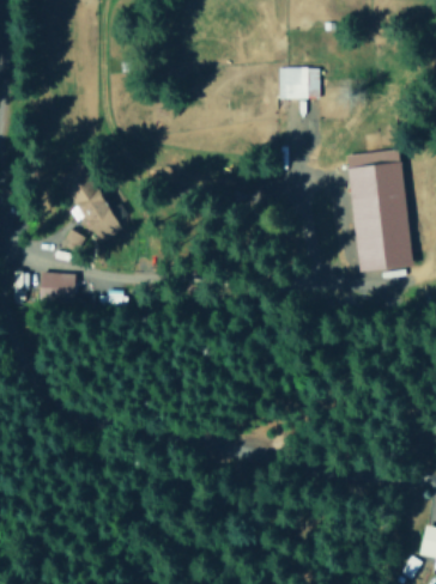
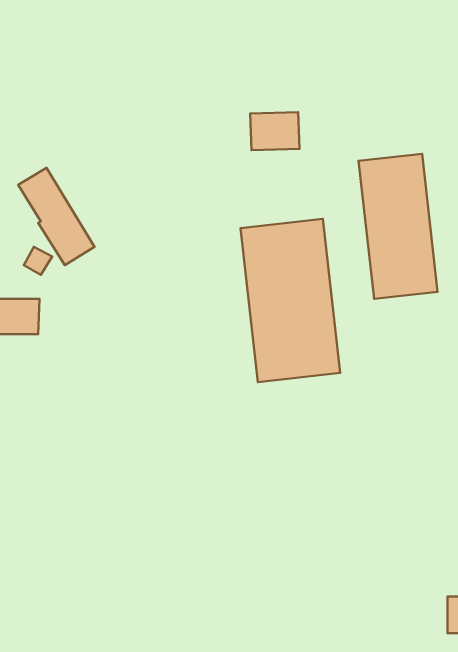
building: [278,67,320,99] -> [250,112,300,150]
building: none -> [240,219,340,382]

